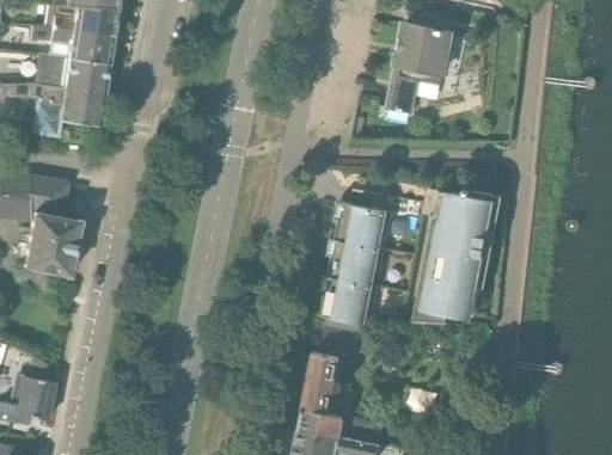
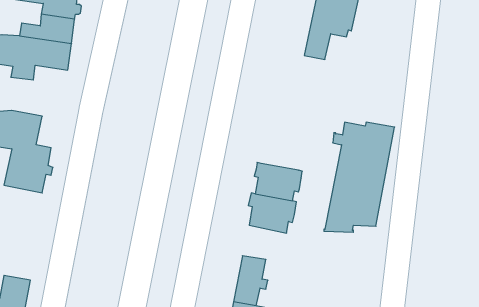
building: [333,189,392,247] -> none

